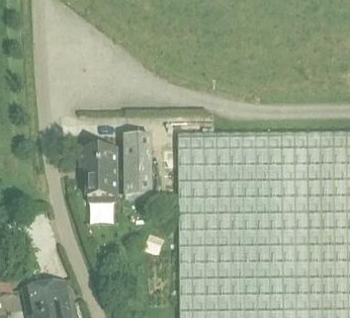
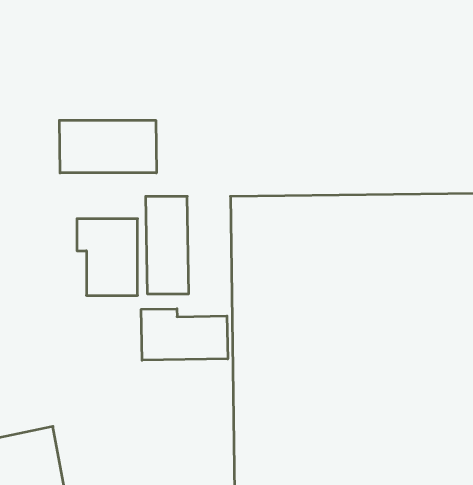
building: none -> [59,120,156,173]
building: none -> [141,309,228,360]

